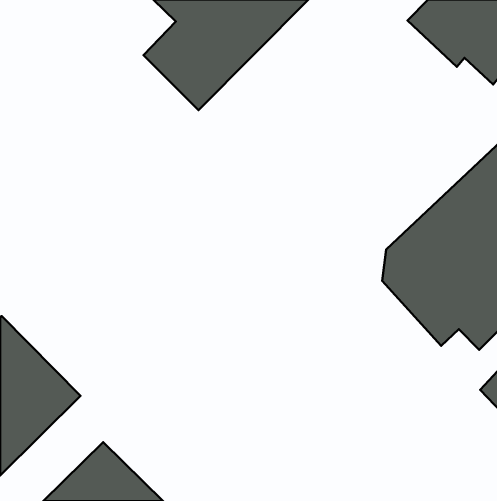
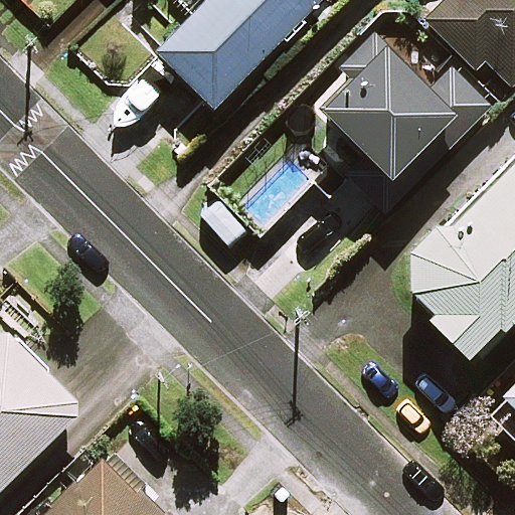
building: none -> [317,36,490,218]

